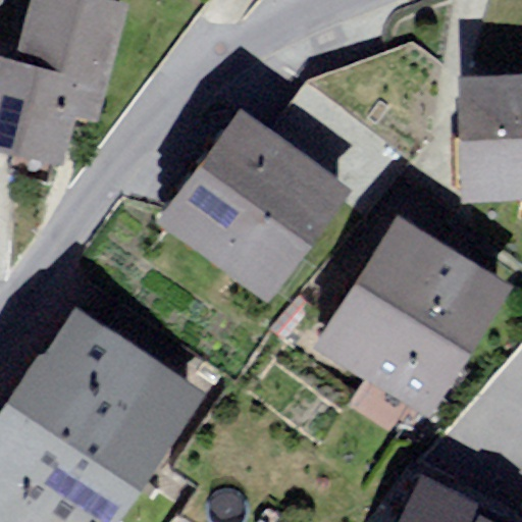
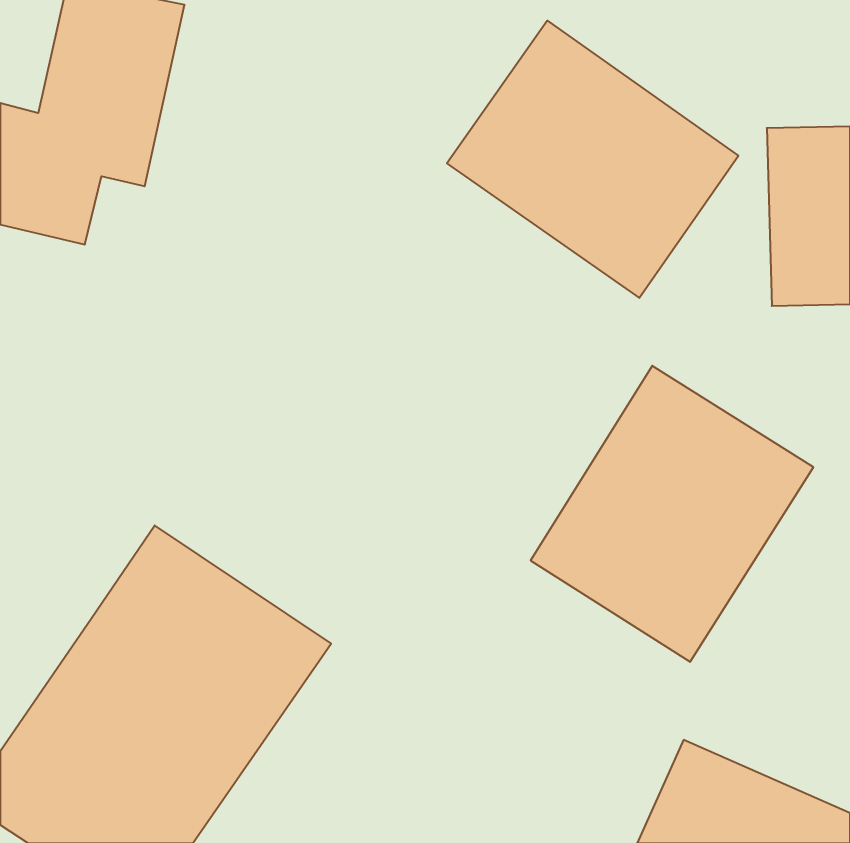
building: none -> [447,21,738,298]
building: [170,116,336,283] -> none

